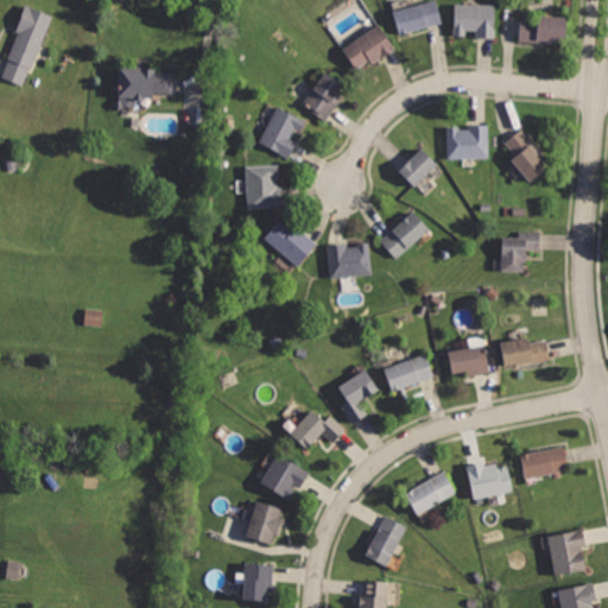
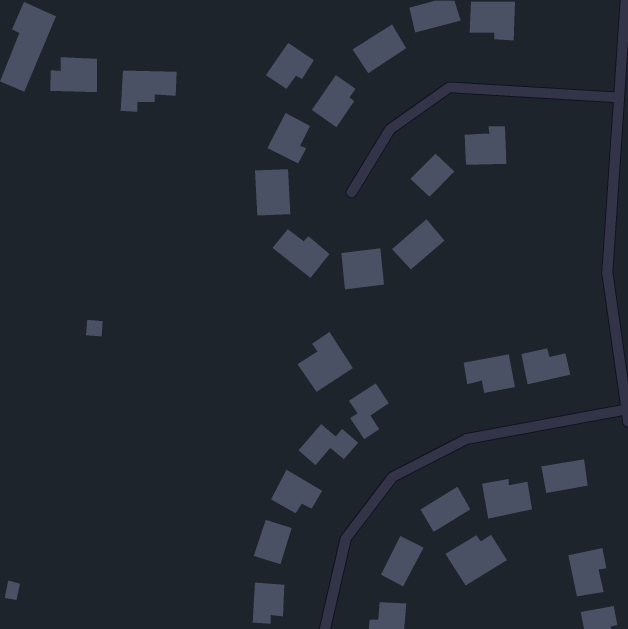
building: [518,15,565,43] -> none
building: none -> [265,42,315,90]
building: none -> [50,56,98,93]
building: [501,131,550,180] -> none
building: [500,230,540,273] -> none
building: none -> [297,331,354,393]
building: [382,353,433,392] -> none
building: none -> [445,534,508,587]

